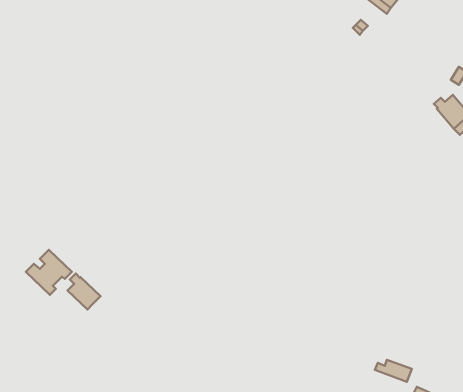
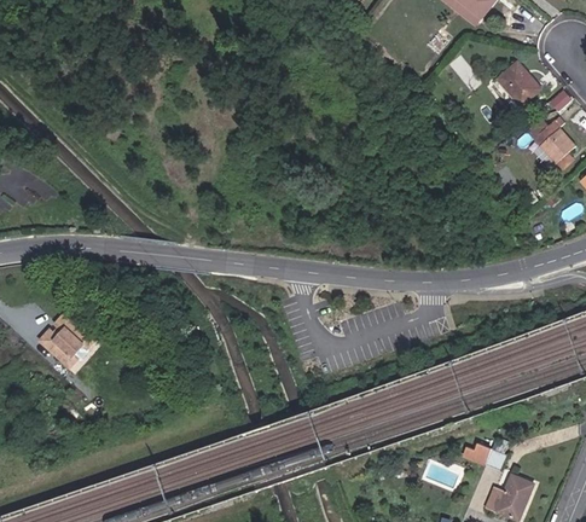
building: none -> [499,62,541,105]
building: [67,273,101,310] -> none

